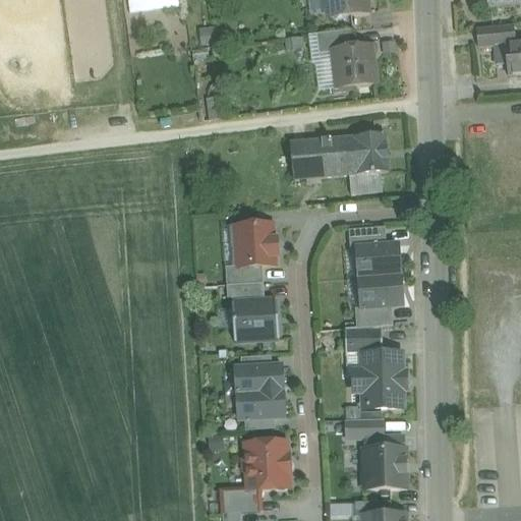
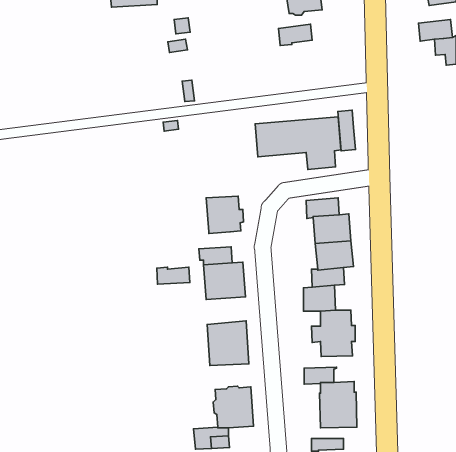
building: [333,45,377,86] -> none
building: none -> [338,110,356,151]
building: [226,265,264,284] -> [157,267,190,284]

